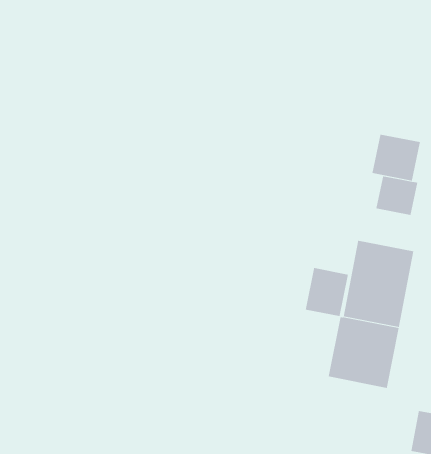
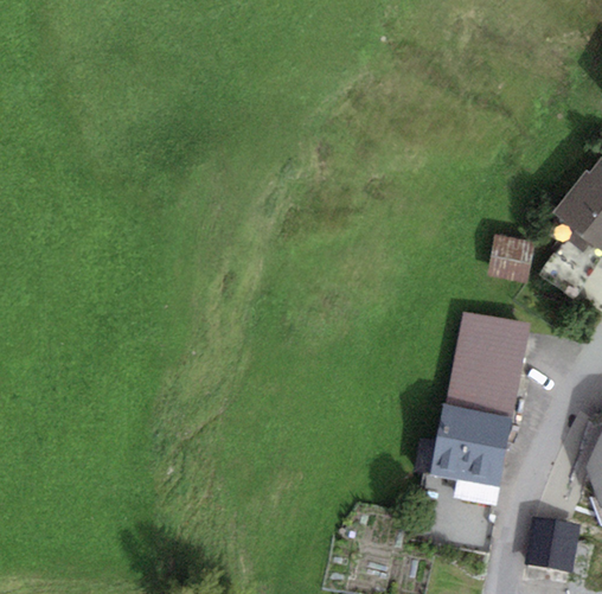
building: [372,134,420,181] -> none
building: [305,267,348,317] -> none

